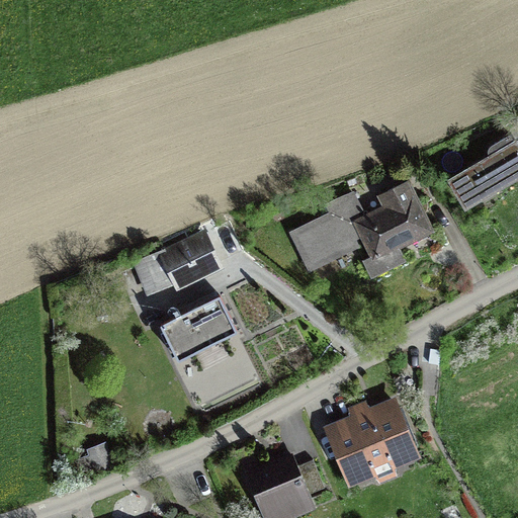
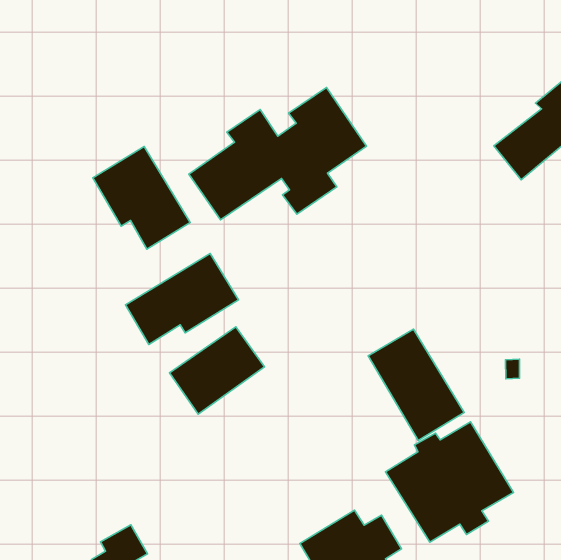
building: none -> [93,147,190,249]
building: [288,179,434,277] -> [189,87,366,220]
building: none -> [368,329,464,440]

